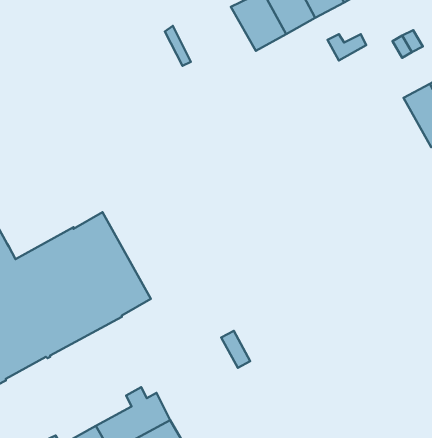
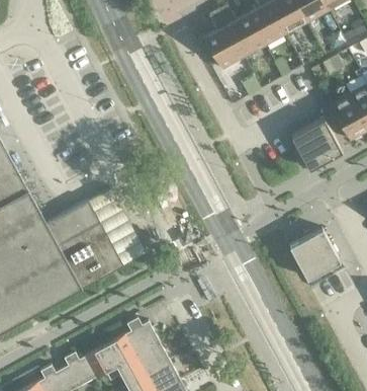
building: none -> [290,120,341,170]
building: none -> [288,229,339,279]

